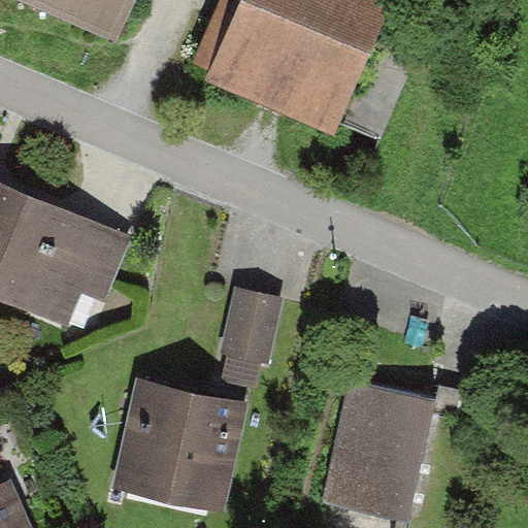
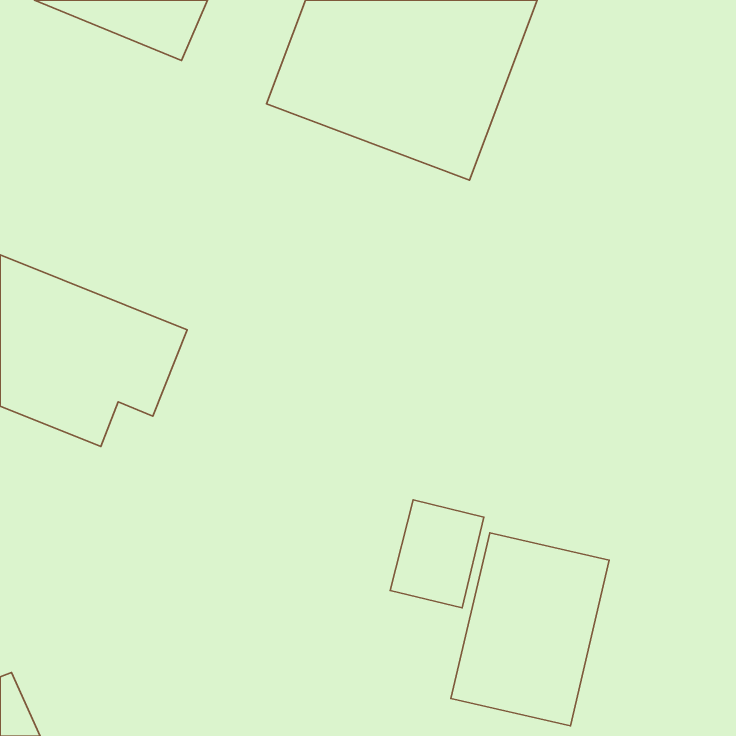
building: [216,285,283,362] -> [390,500,484,608]
building: [108,380,242,512] -> none

